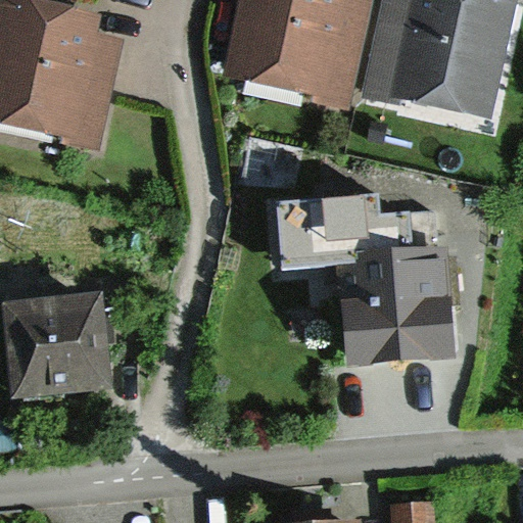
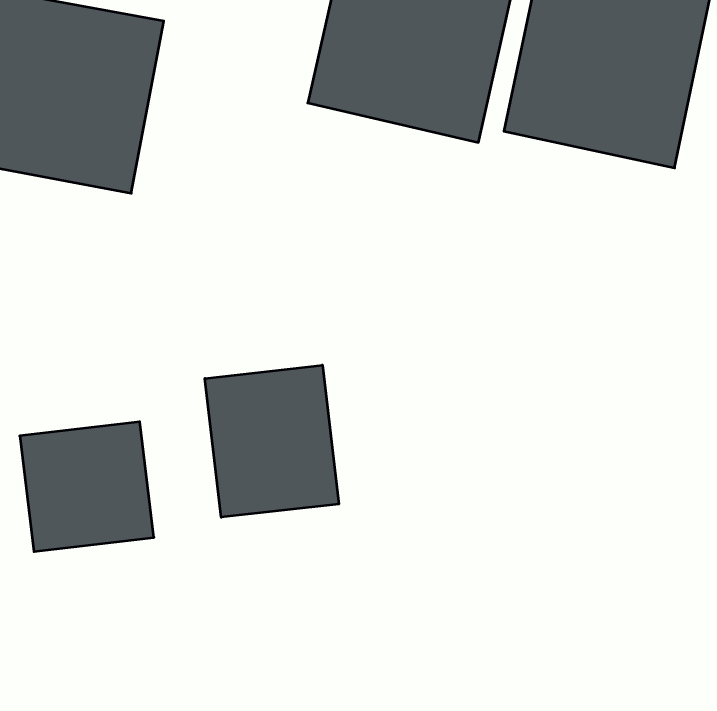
building: [276,197,450,365] -> none
building: none -> [205,365,339,517]

